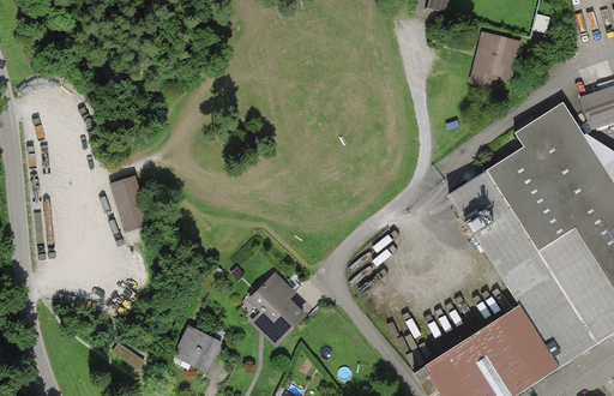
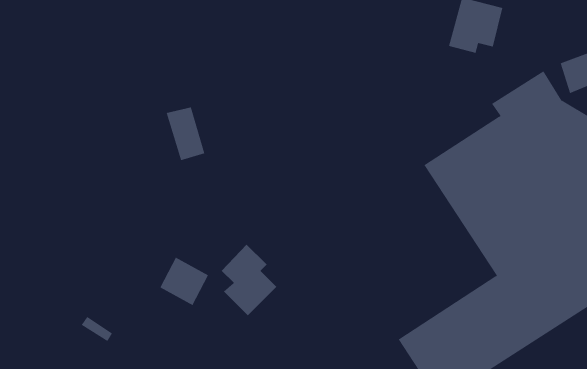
building: [110,178,149,230] -> [166,107,205,161]
building: [174,324,222,372] -> [160,257,209,306]

